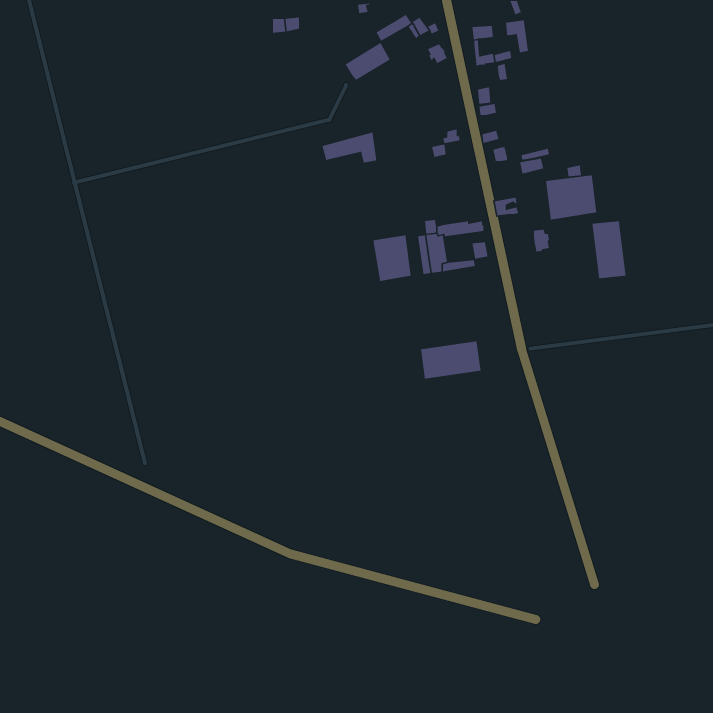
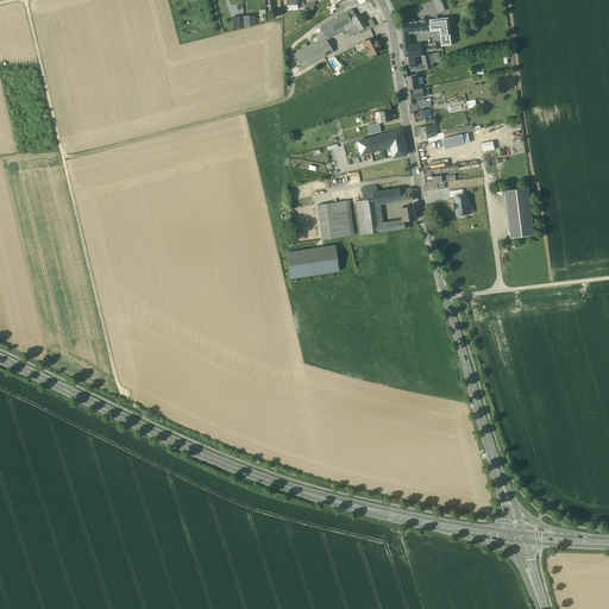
building: [321,132,377,164] -> [358,130,406,157]
building: [545,175,597,220] -> none
building: [420,341,481,380] -> [287,245,339,278]

